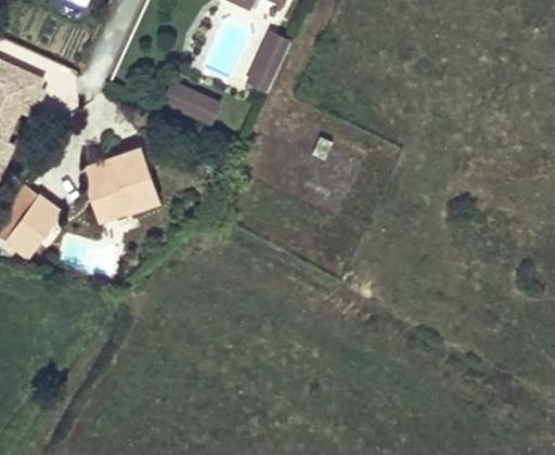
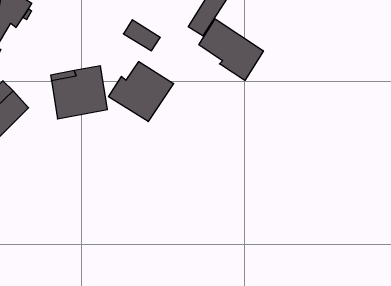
building: none -> [199,19,263,80]
building: none -> [109,62,174,122]

